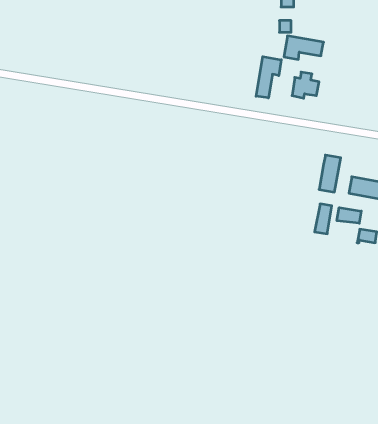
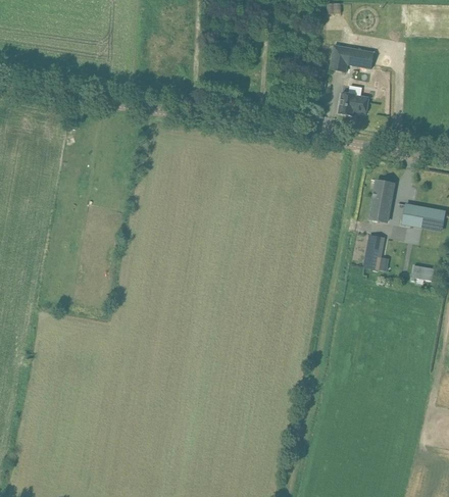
building: [256,57,281,98] -> none
building: [337,208,361,223] -> none

